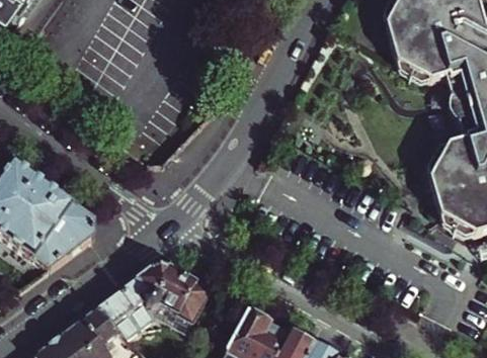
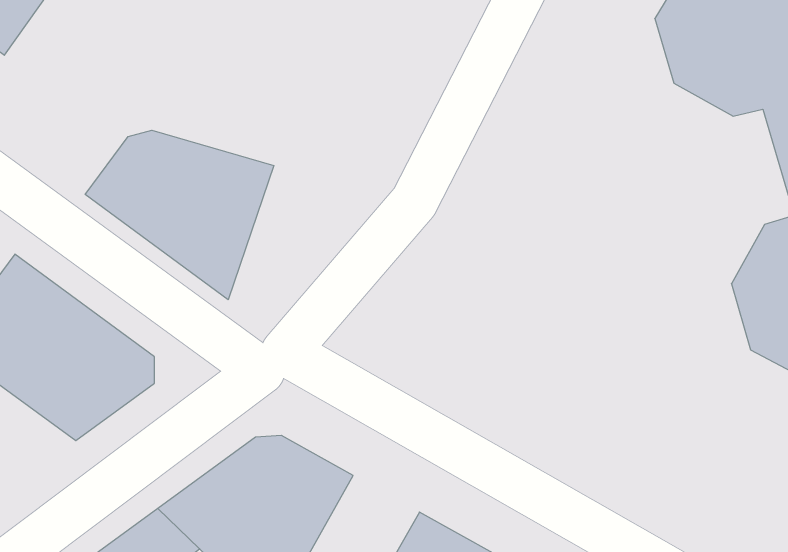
building: none -> [85,130,274,300]

